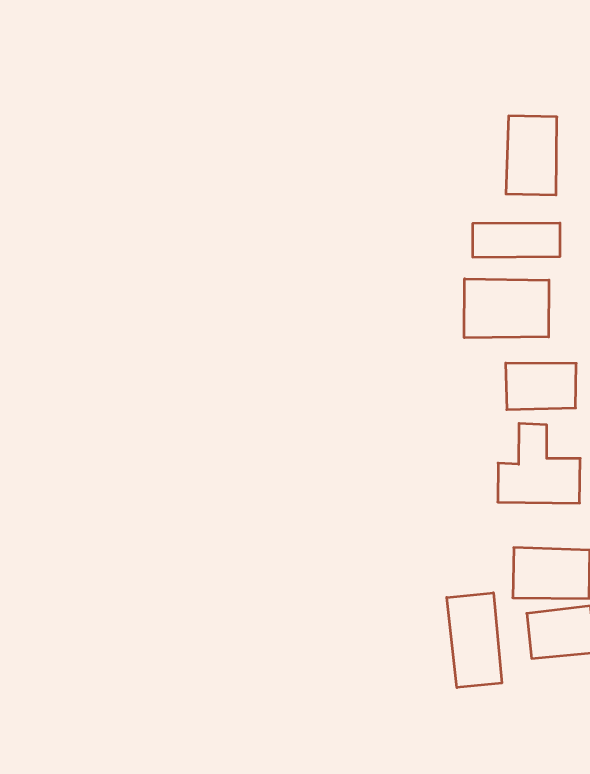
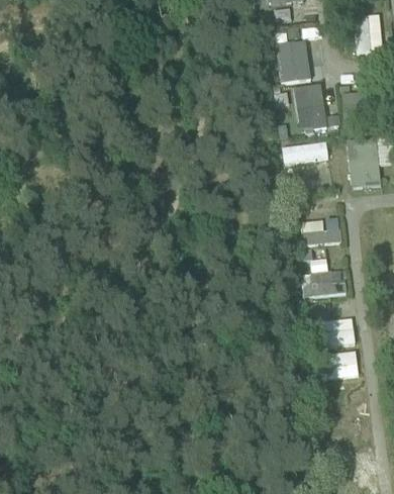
building: none -> [279,29,309,83]
building: [464,279,549,338] -> none
building: [447,593,502,688] -> none

